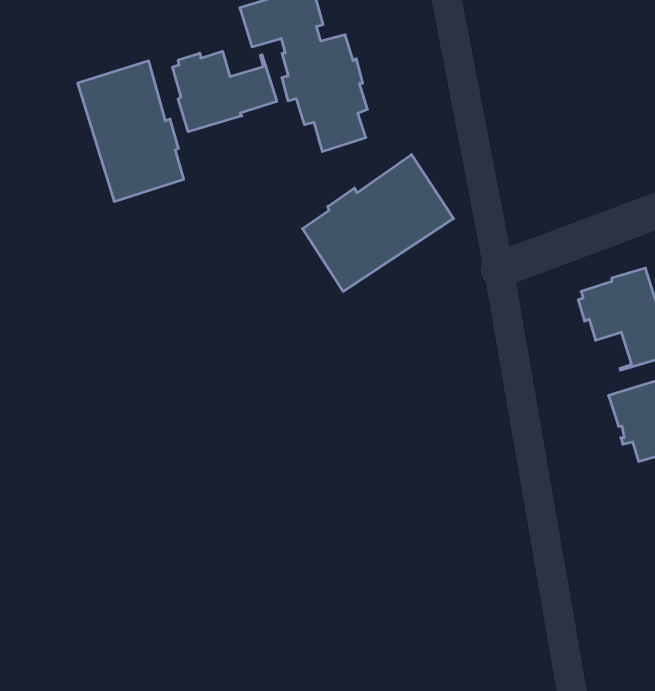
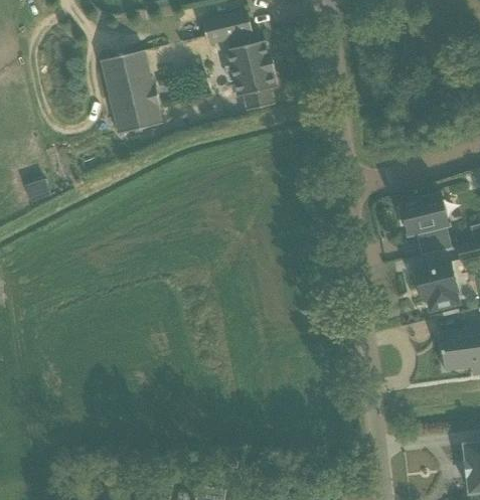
building: [173,51,277,132] -> none
building: [302,154,454,291] -> none

